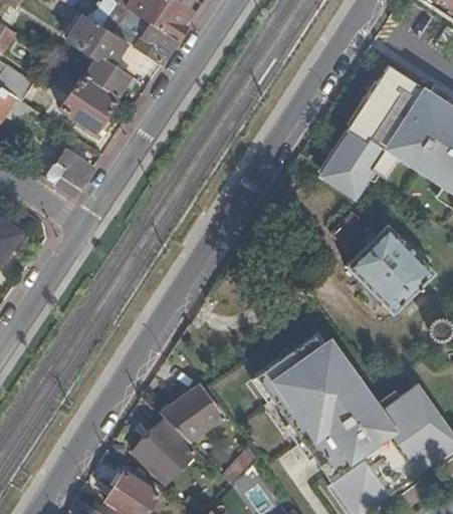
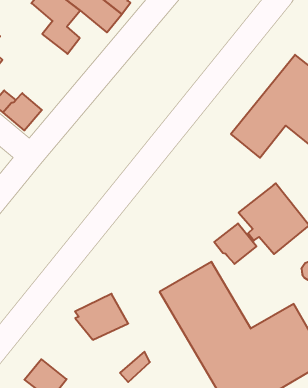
building: [59,75,116,130] -> none
building: none -> [214,223,256,264]
building: [130,420,190,481] -> none

